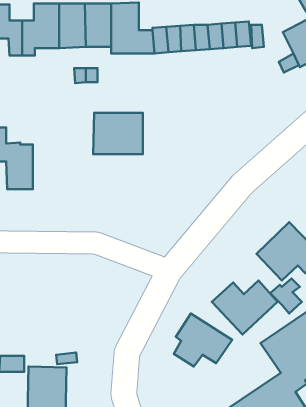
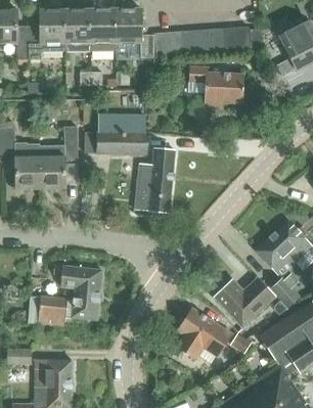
building: none -> [187,67,241,106]
building: none -> [39,127,76,188]
building: none -> [134,147,174,213]
building: none -> [28,265,102,325]

